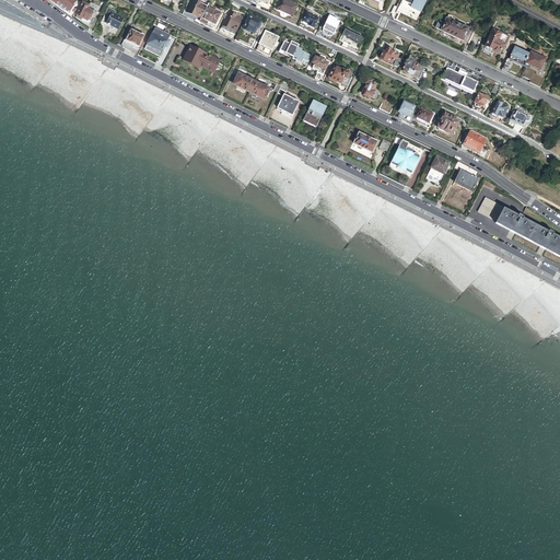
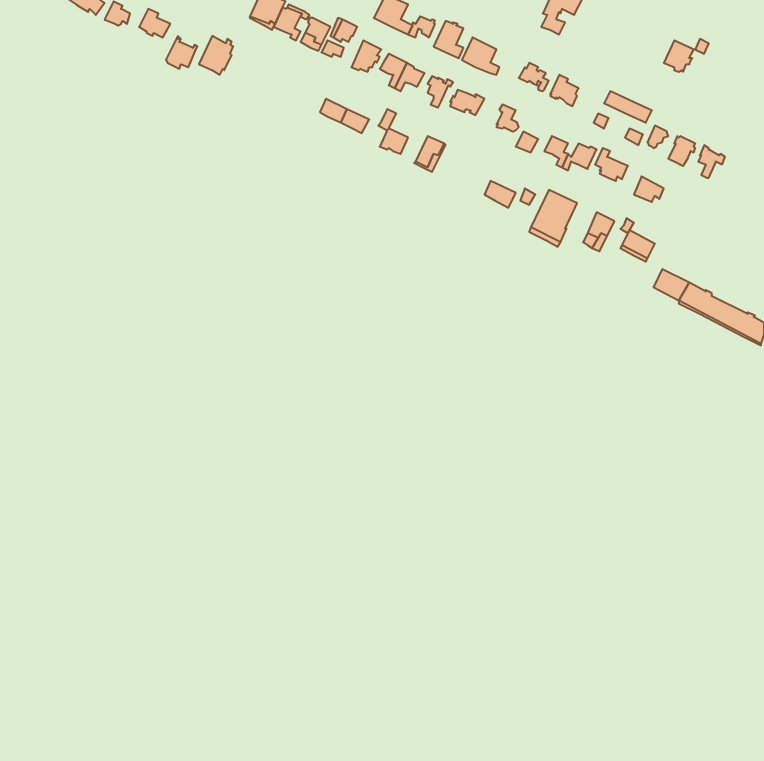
building: [434,14,475,43] -> none
building: [184,45,220,71] -> none
building: [503,46,546,69] -> none

